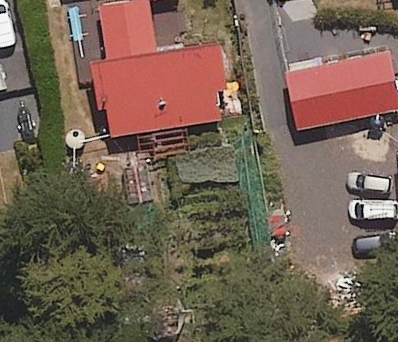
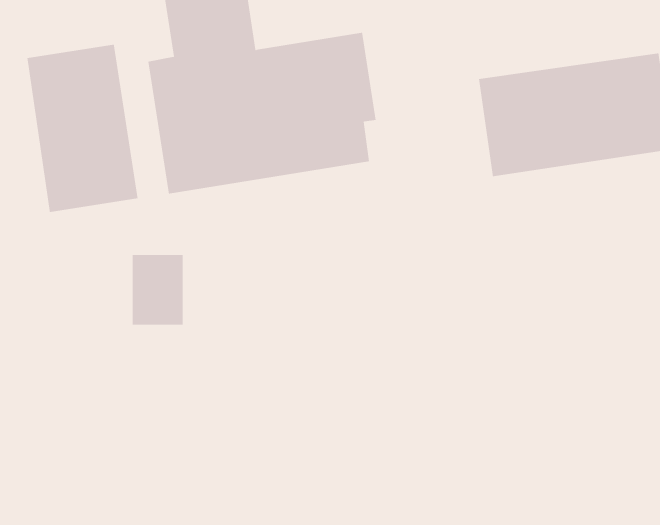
building: none -> [27,44,138,213]

